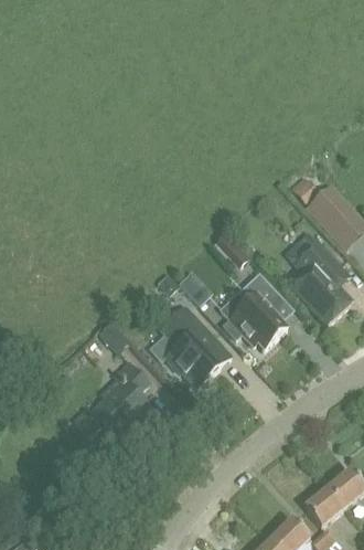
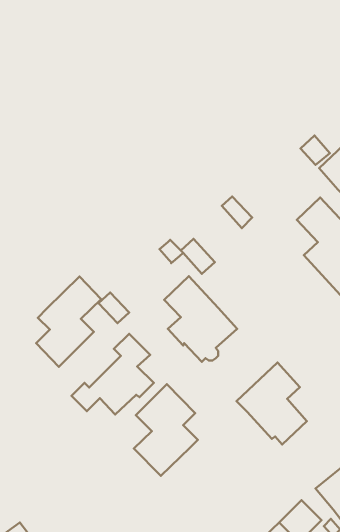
building: [220,272,286,349] -> [237,363,307,445]
building: none -> [36,277,101,367]
building: none -> [134,384,198,476]

